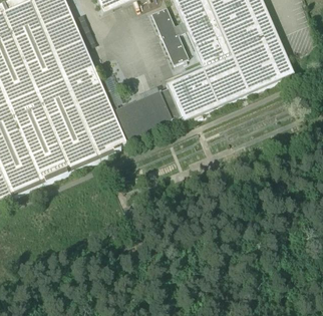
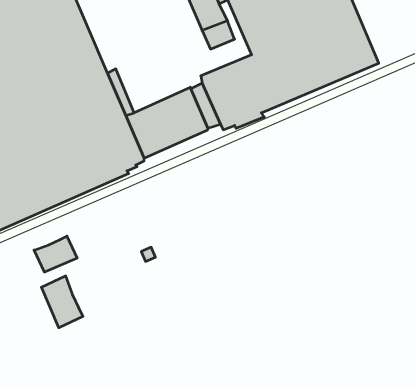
building: none -> [34,236,77,272]
building: none -> [41,276,83,328]

